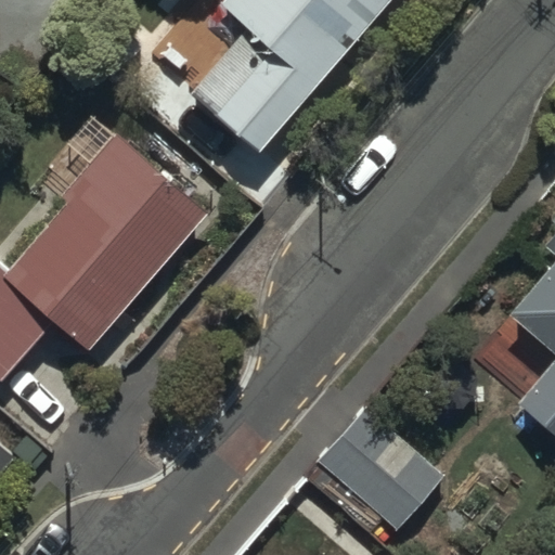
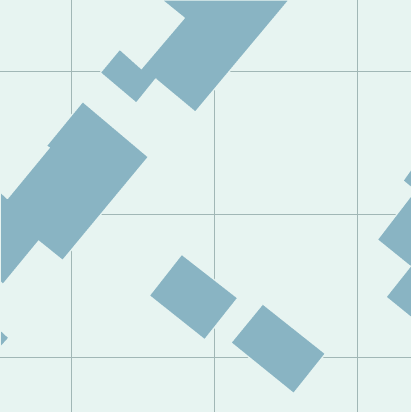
building: none -> [149,254,238,340]

